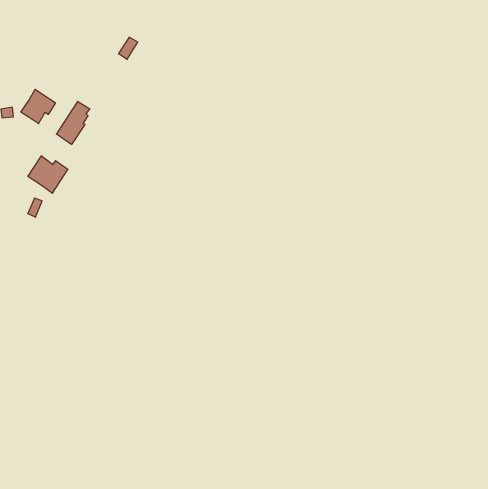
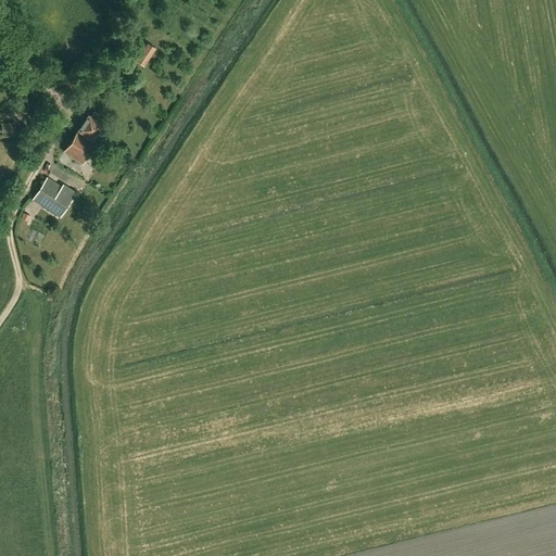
building: [21,89,55,124] -> none

